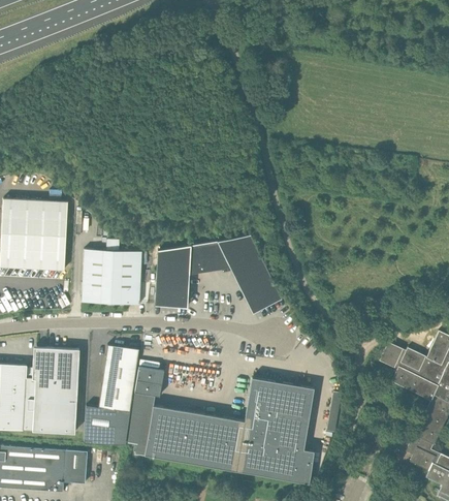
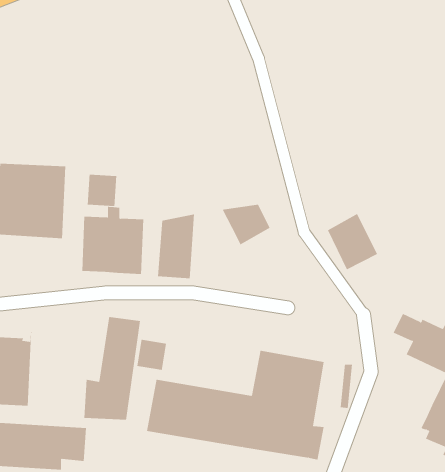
building: none -> [87,174,117,207]
building: [188,243,229,276] -> none
building: [233,260,282,315] -> [327,213,378,270]
building: [31,347,79,433] -> none
building: [127,393,154,455] -> none

